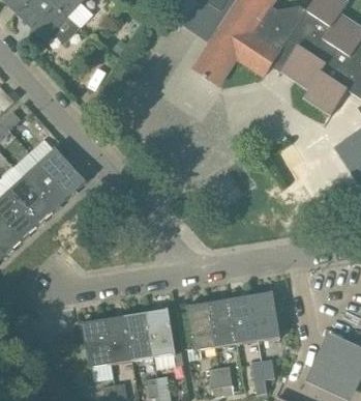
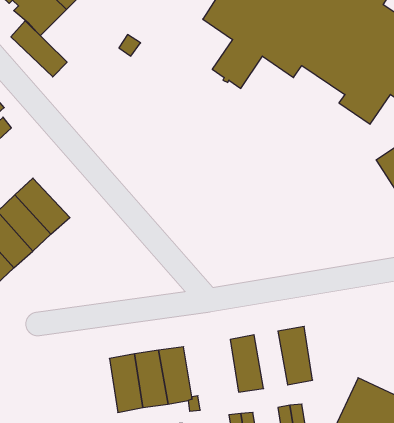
building: none -> [11,21,67,77]
building: [38,146,87,196] -> none
building: [230,294,259,344] -> none
building: [186,302,216,351] -> none
building: [82,318,112,368] -> none

